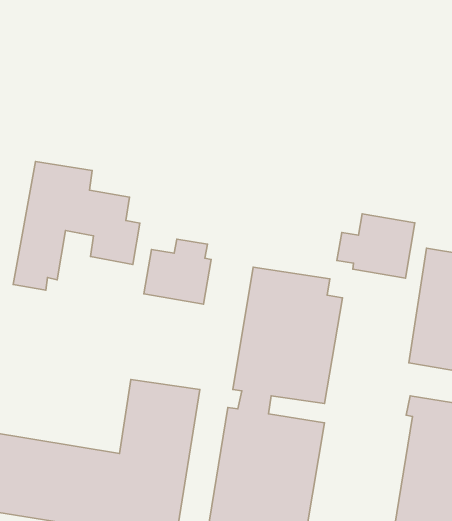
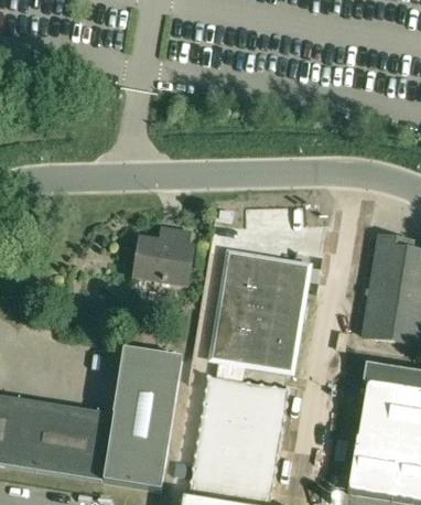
building: [13,161,140,290] -> none
building: [337,214,415,278] -> none

